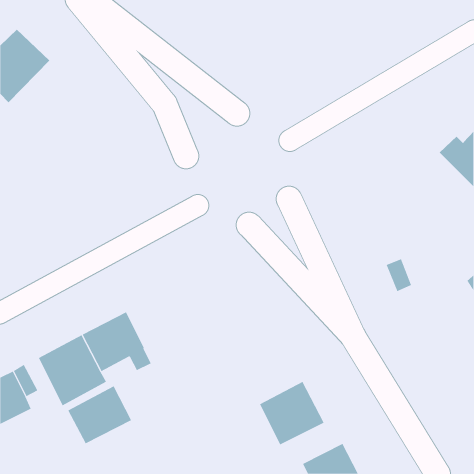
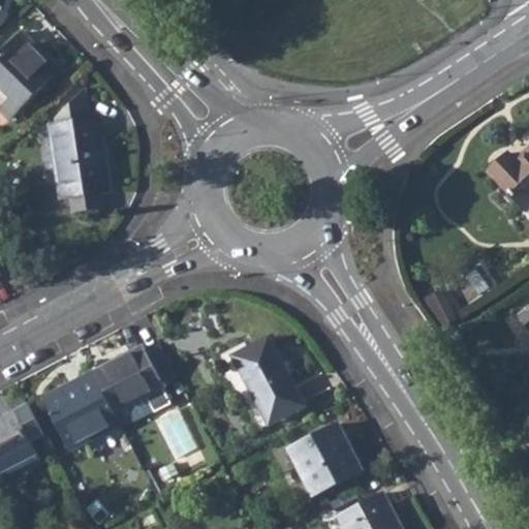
building: none -> [51,117,111,212]
building: none -> [221,340,302,429]
building: [67,386,132,444] -> none

